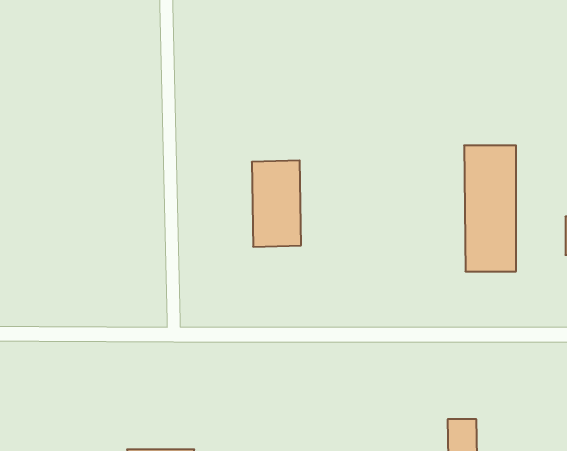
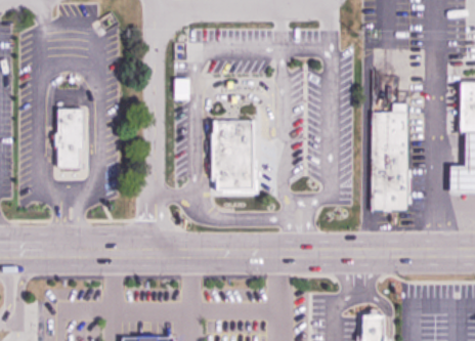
building: none -> [55,109,84,170]

